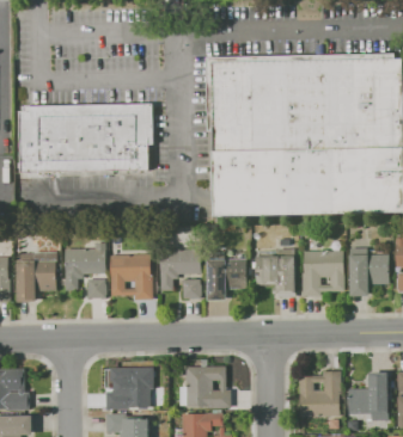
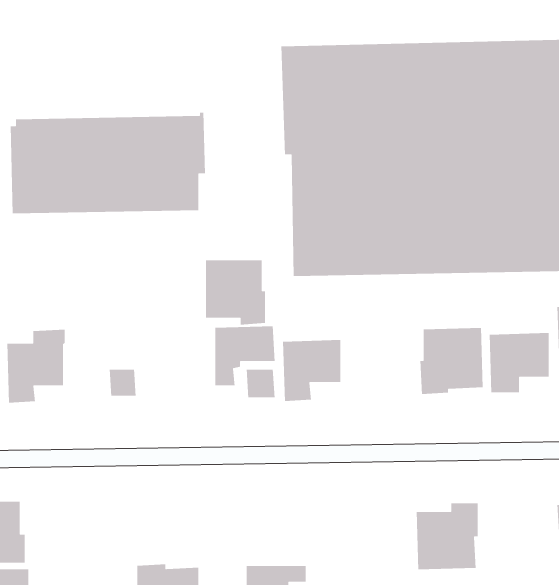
building: [63,242,105,290] -> none
building: [110,254,152,300] -> [205,259,266,325]
building: [256,254,297,297] -> none
building: [184,359,231,408] -> none
building: [104,367,151,410] -> none
building: [348,373,387,419] -> none

